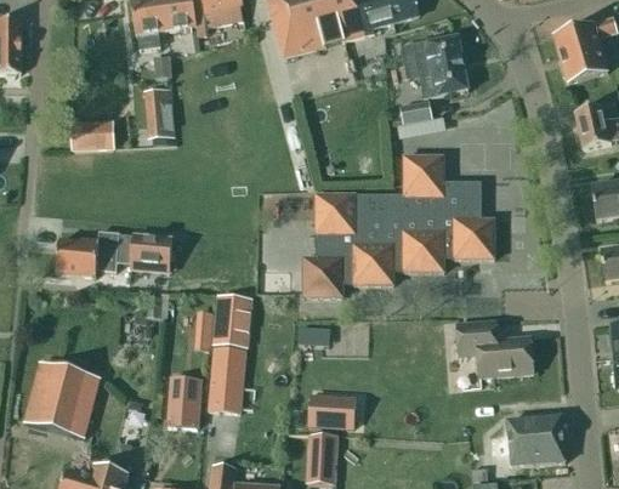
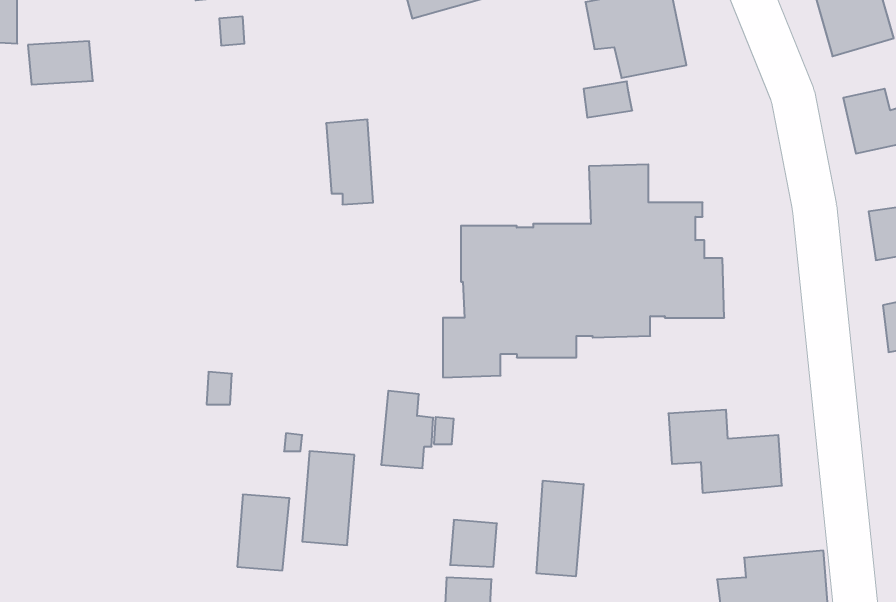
building: [143,87,175,144] -> [326,120,373,204]
building: [70,120,114,149] -> [28,41,93,85]
building: [57,231,172,277] -> none
building: [216,295,251,347] -> [381,391,433,468]
building: [25,362,101,437] -> none
building: none -> [537,481,584,576]

